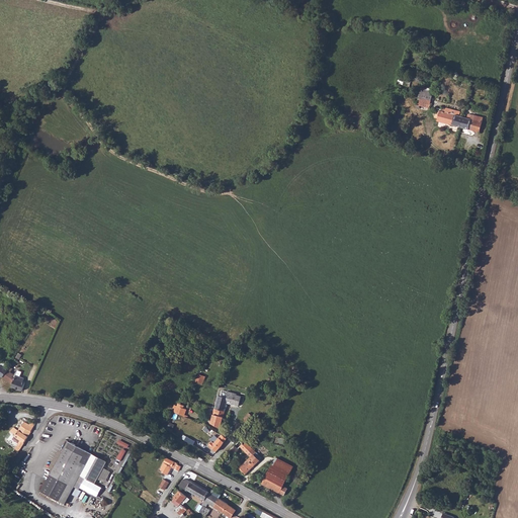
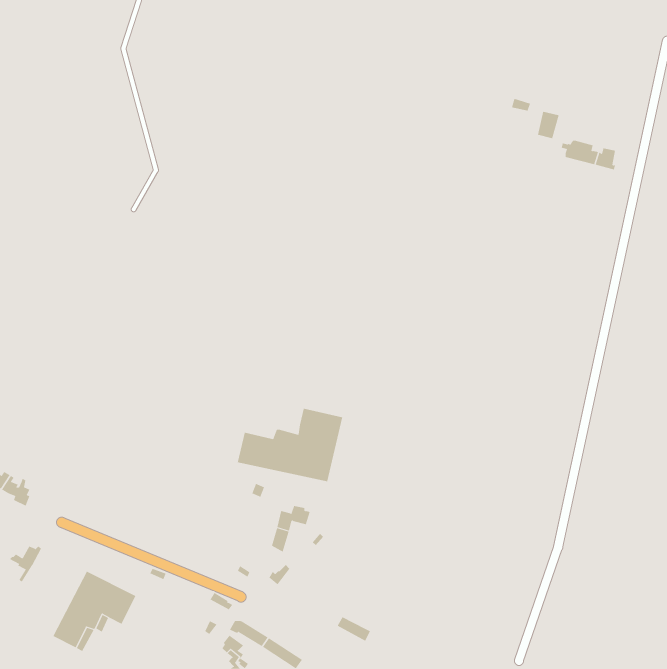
building: none -> [237,408,343,482]
building: [228,440,261,474] -> none
building: [264,456,292,486] -> none

